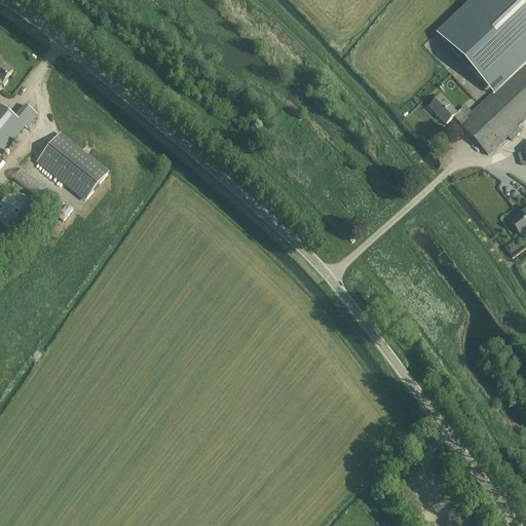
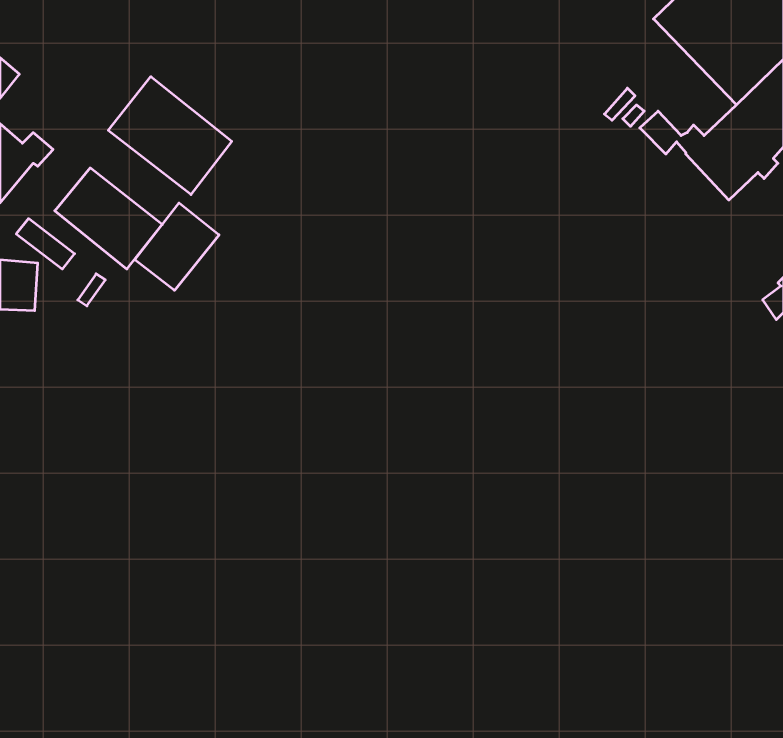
building: none -> [108,77,232,195]
building: none -> [135,203,219,290]

